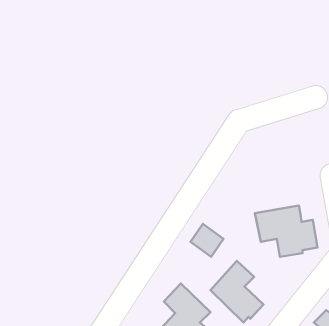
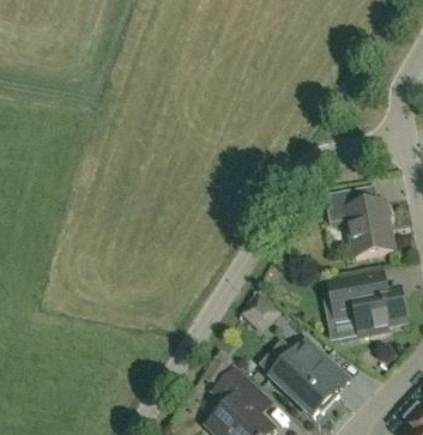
building: none -> [324,189,393,258]

